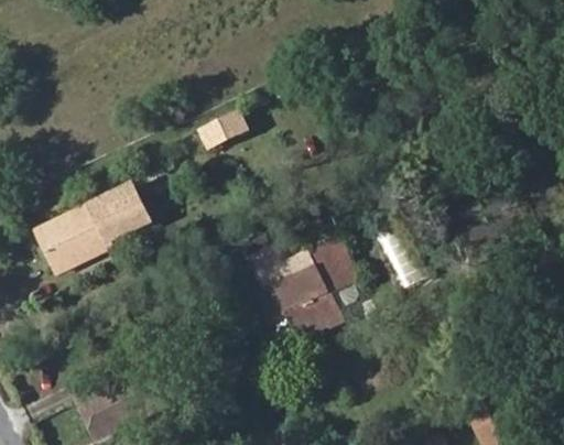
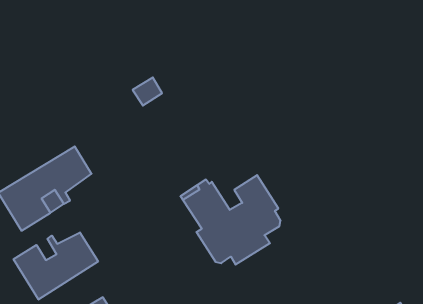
building: none -> [14,232,98,300]

